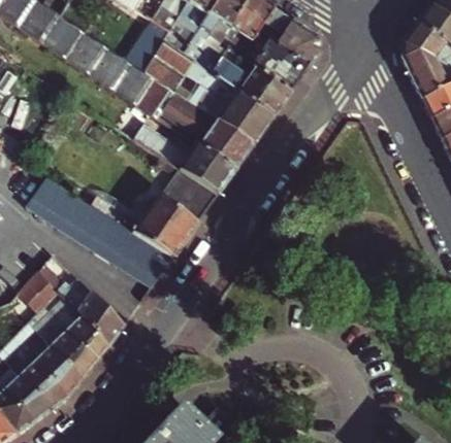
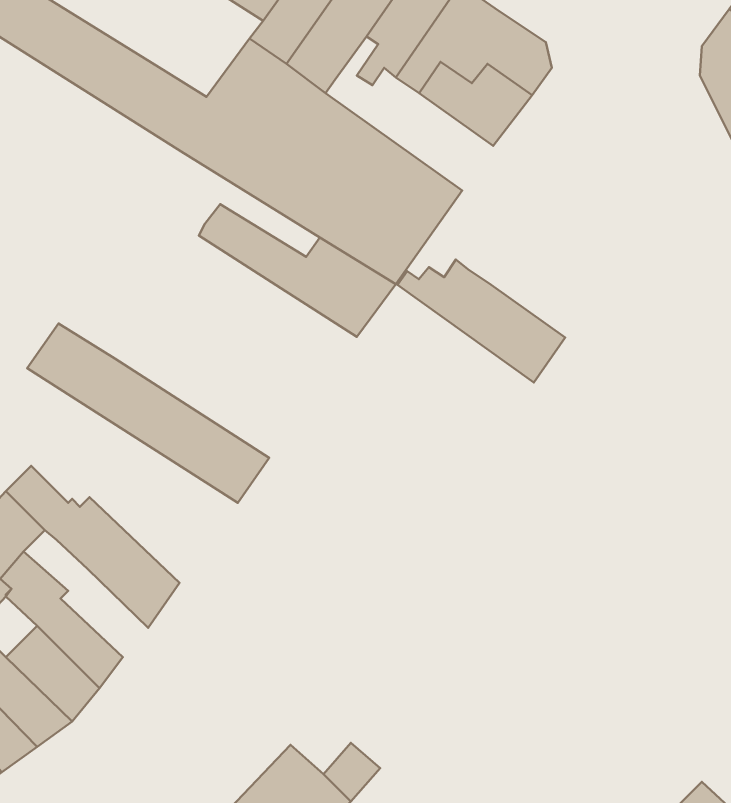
building: [202,50,291,115] -> [397,259,565,382]
building: [91,167,219,257] -> none
building: [42,295,108,362] -> none

